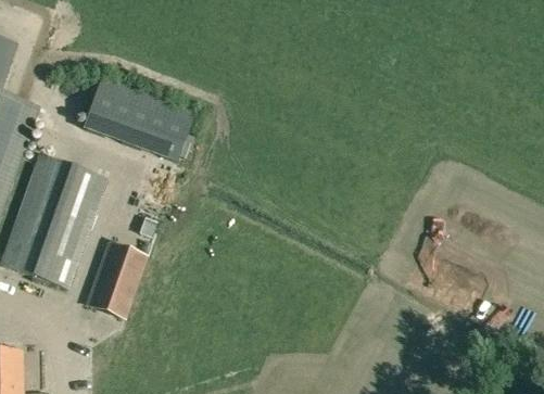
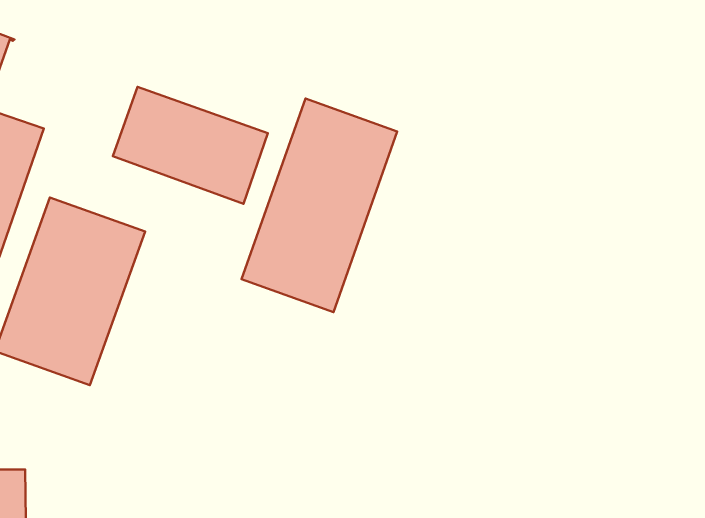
building: none -> [242,99,397,312]
building: [86,243,144,317] -> none

